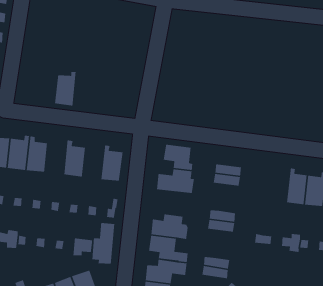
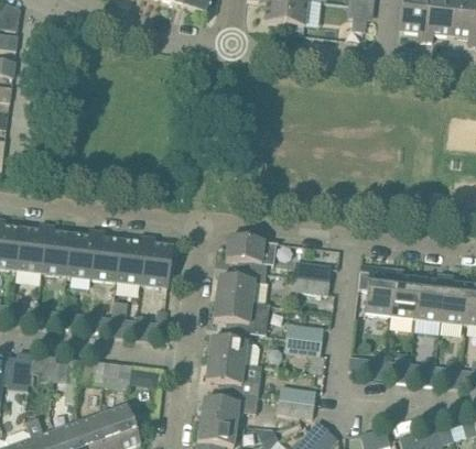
building: [54,71,76,106] -> [66,230,96,277]
building: none -> [117,236,147,284]
building: none -> [357,264,396,315]
building: none -> [213,297,269,333]
building: [92,222,115,264] -> none

